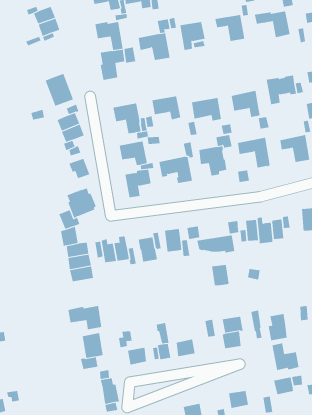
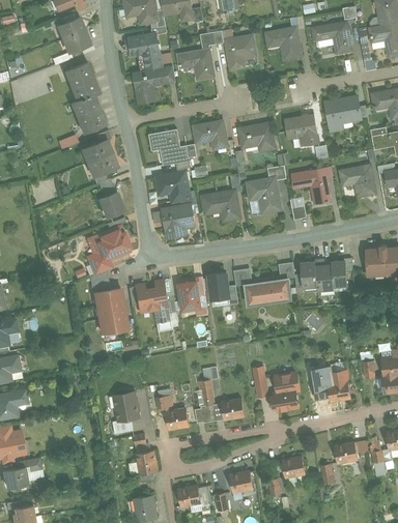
building: none -> [64,62,98,100]
building: [211,264,229,286] -> none
building: [68,305,102,330] -> none
building: [272,342,299,371] -> none

